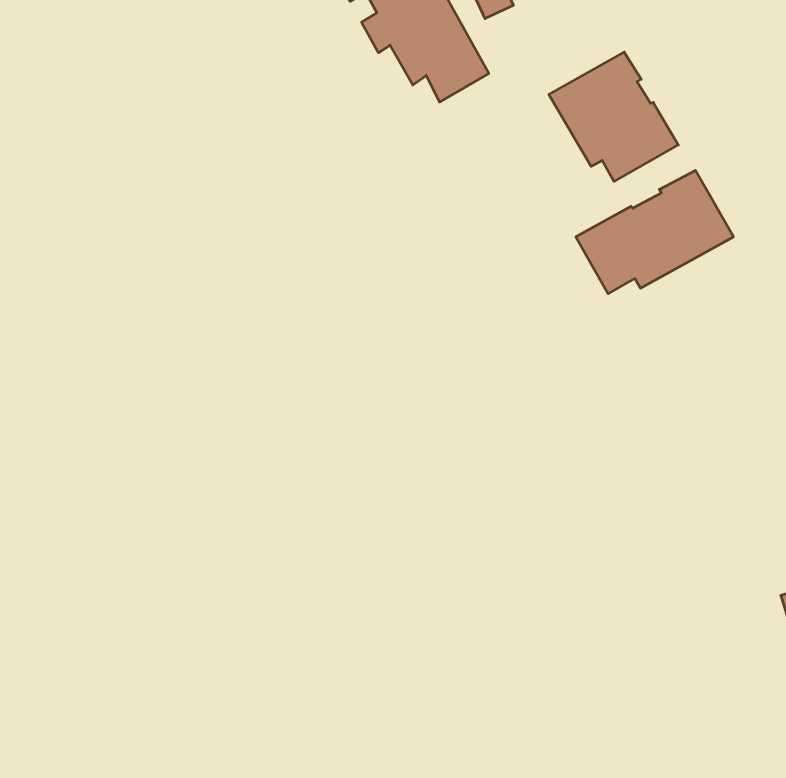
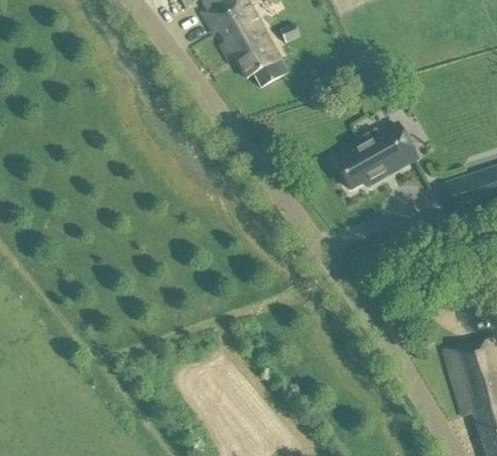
building: [549,52,678,181] -> none

